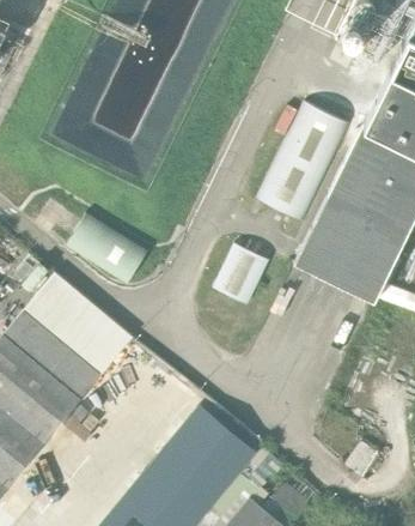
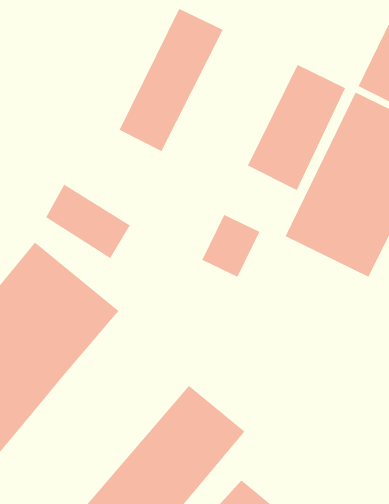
building: none -> [118,8,224,152]

